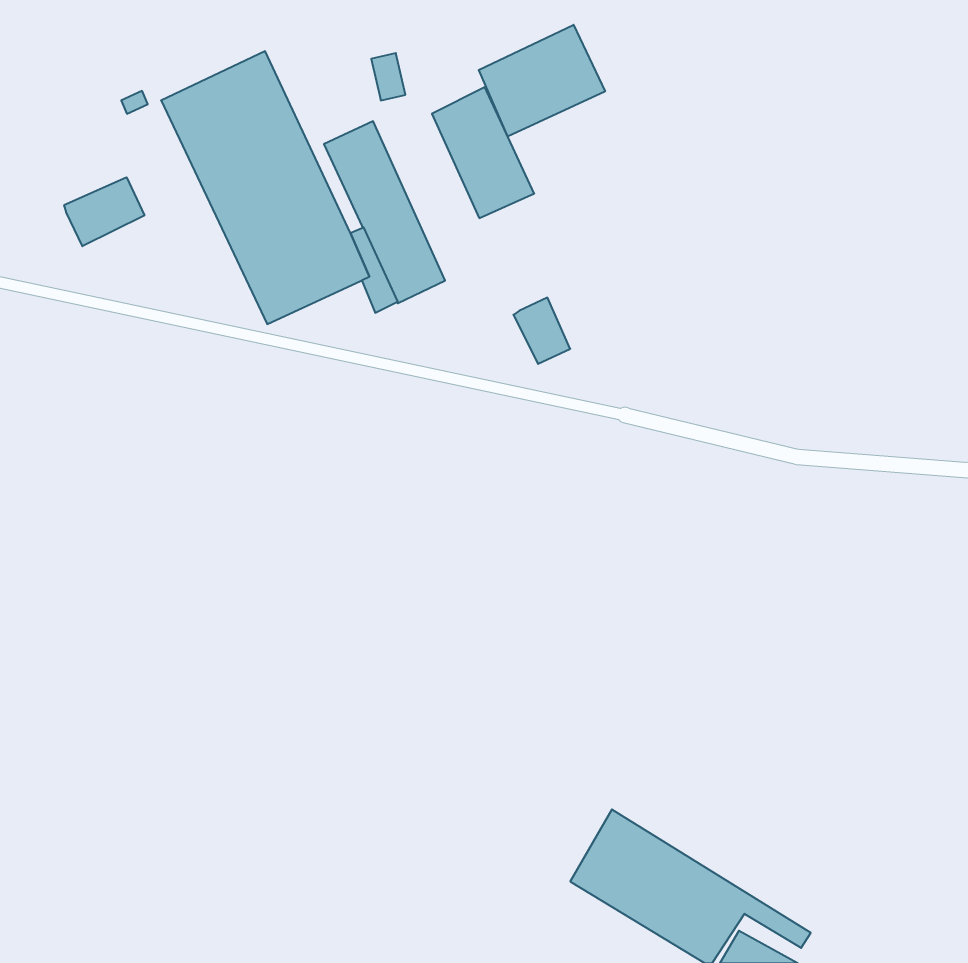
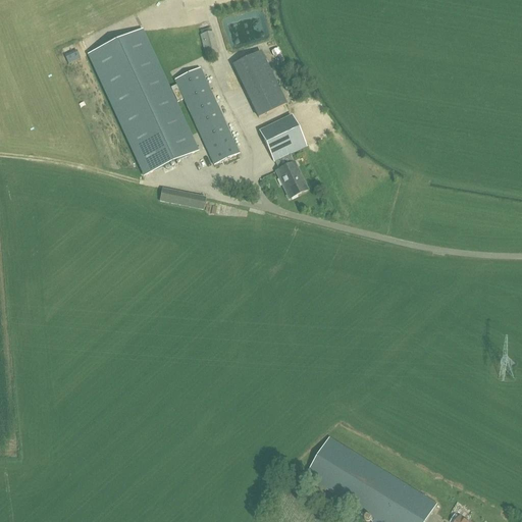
building: [479,25,605,137] -> none
building: [64,177,144,246] -> none
building: none -> [258,112,307,160]

